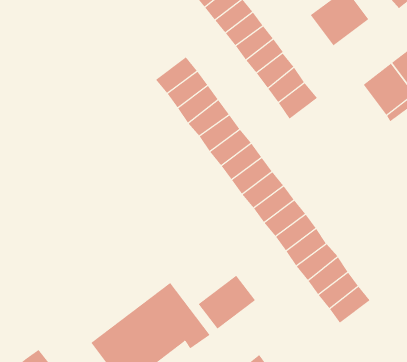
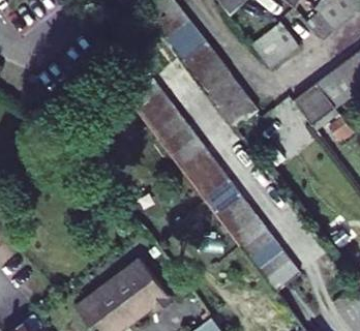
building: [198,275,256,330] -> none

